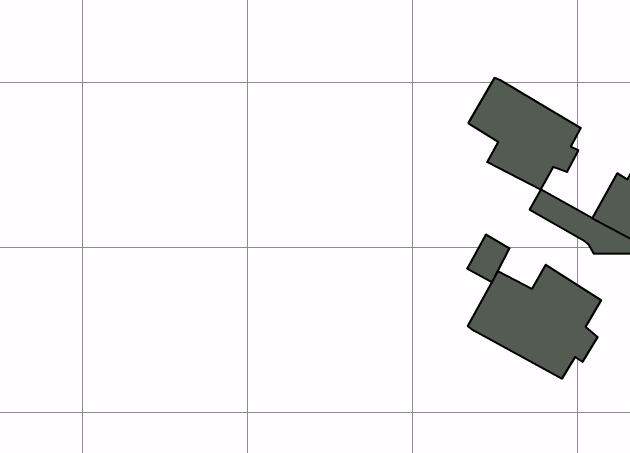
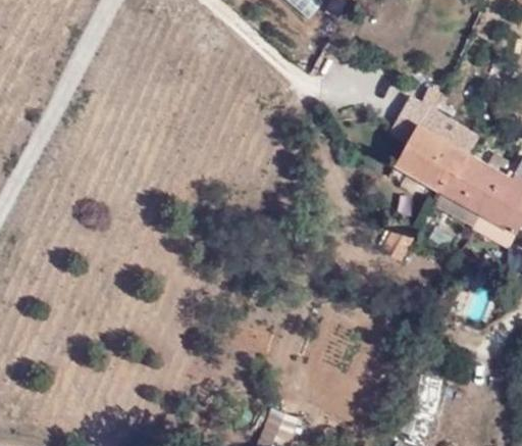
building: none -> [445,155,507,210]
building: [468,265,601,379] -> none

